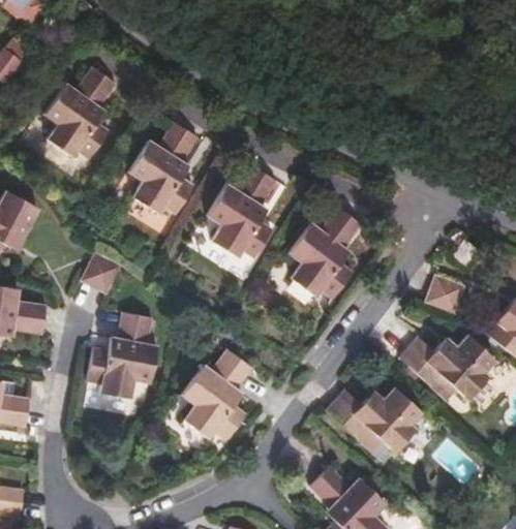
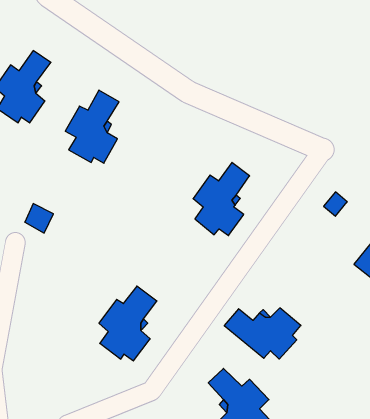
building: [208,164,275,254] -> none
building: [426,276,465,311] -> none
building: [85,315,156,401] -> none
building: [401,335,495,399] -> none

